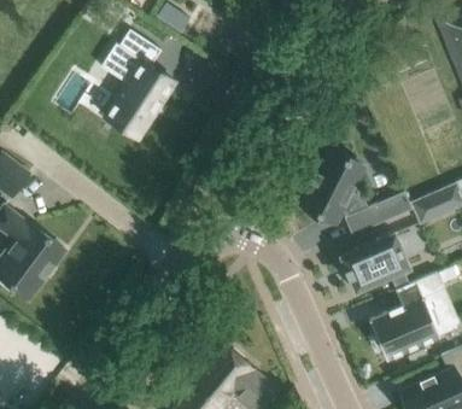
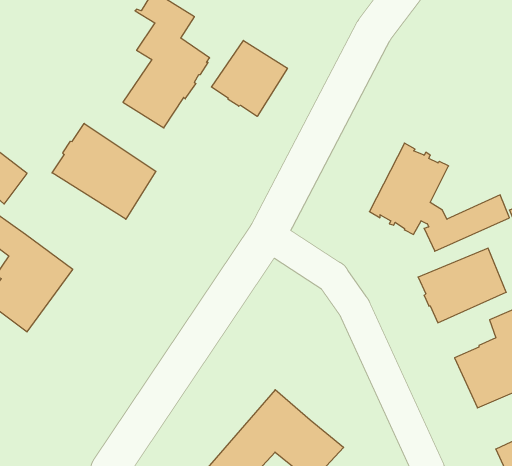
building: none -> [211,40,287,116]
building: none -> [52,123,156,219]

